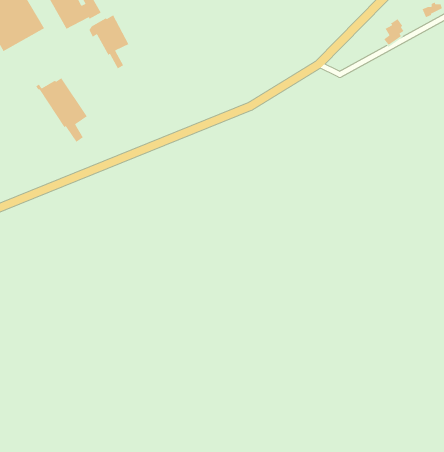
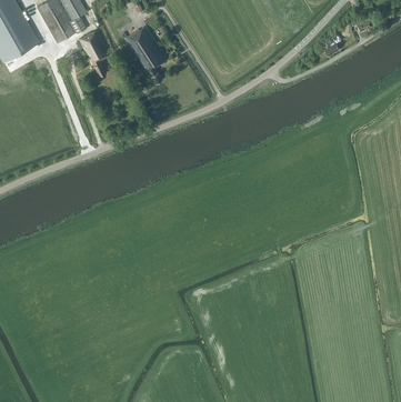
building: [35,77,88,143] -> [121,28,166,83]

